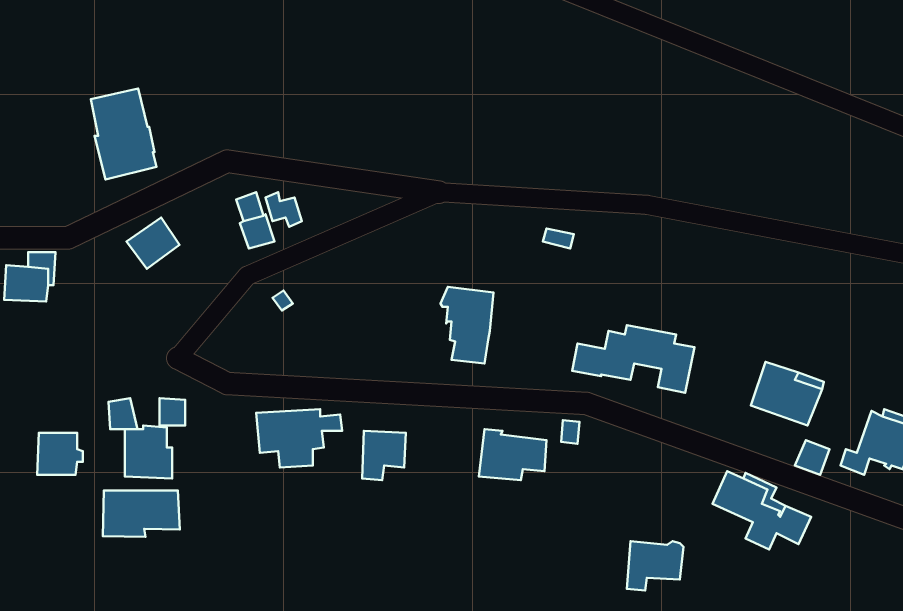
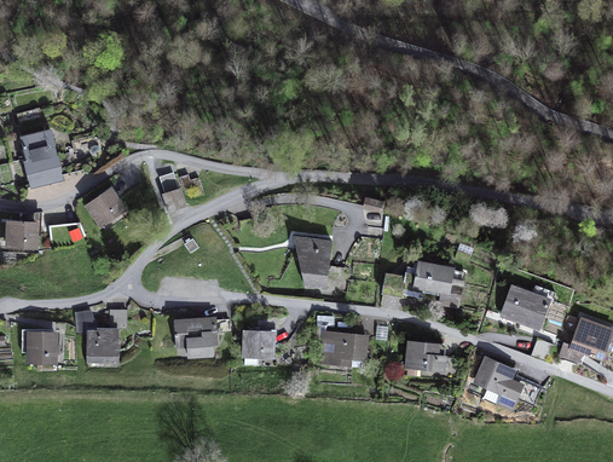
building: [91,88,156,180] -> [19,128,63,189]
building: [103,491,180,537] -> none
building: [627,541,683,591] -> [406,342,444,375]

